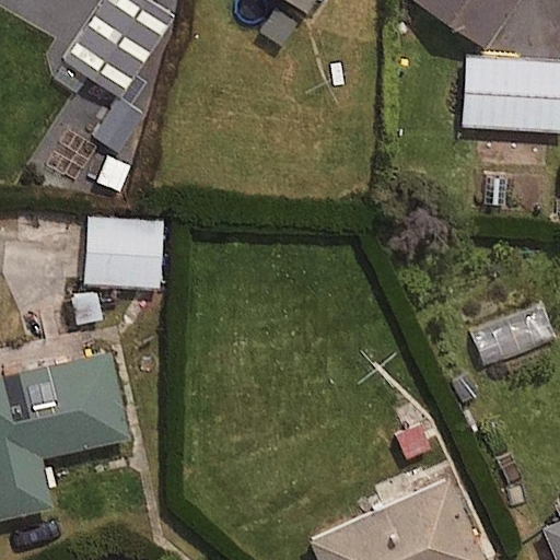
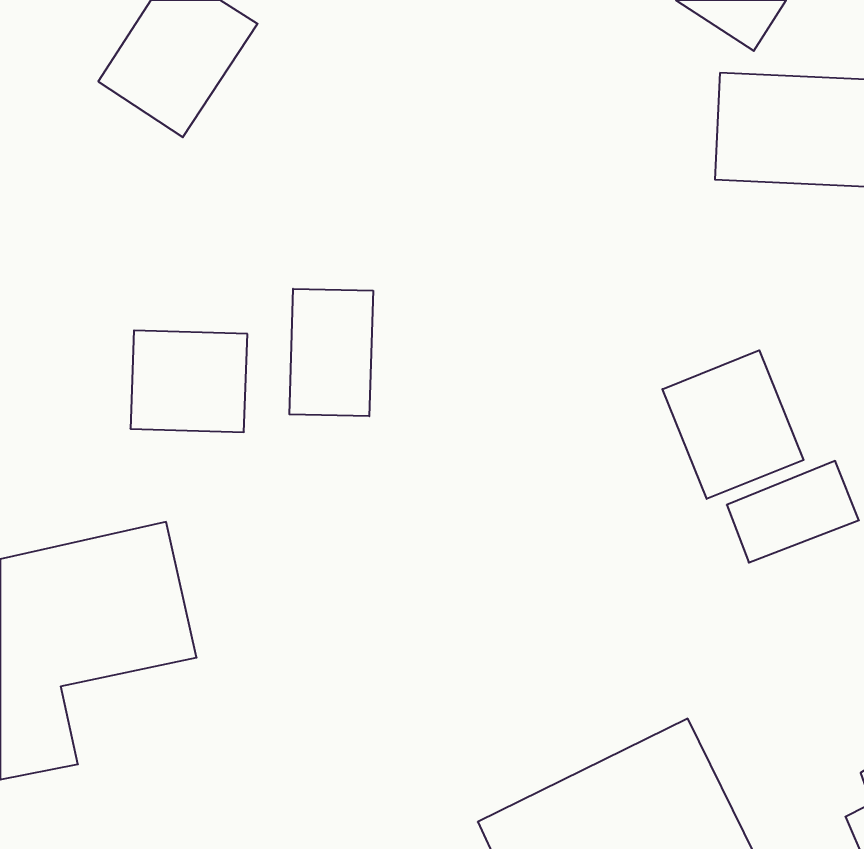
building: none -> [289,289,373,416]
building: none -> [662,350,804,499]

